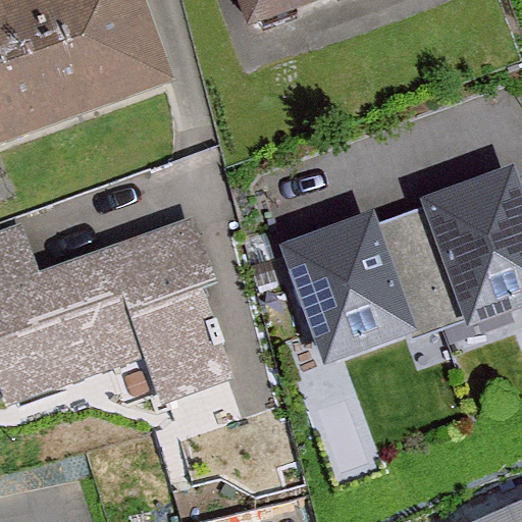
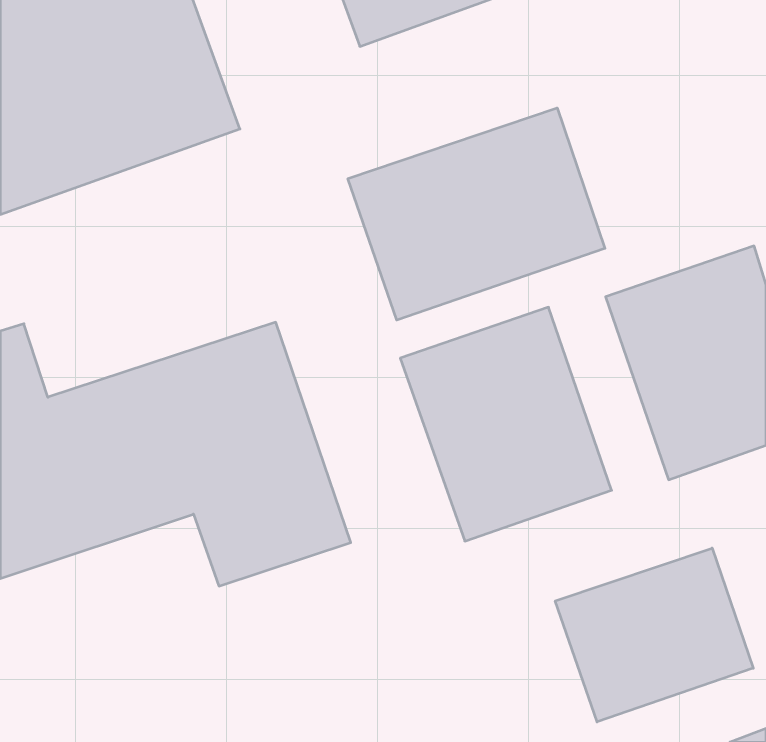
building: none -> [348,108,605,320]
building: none -> [555,548,753,722]

